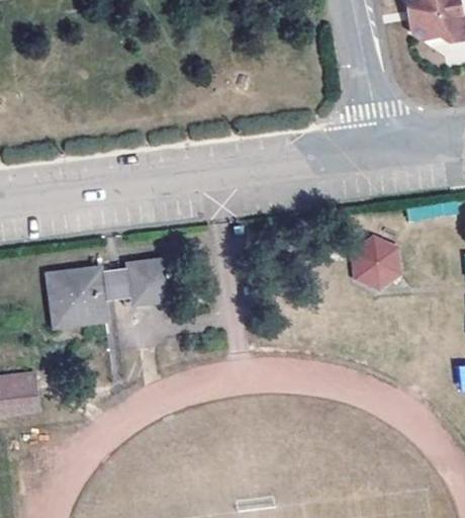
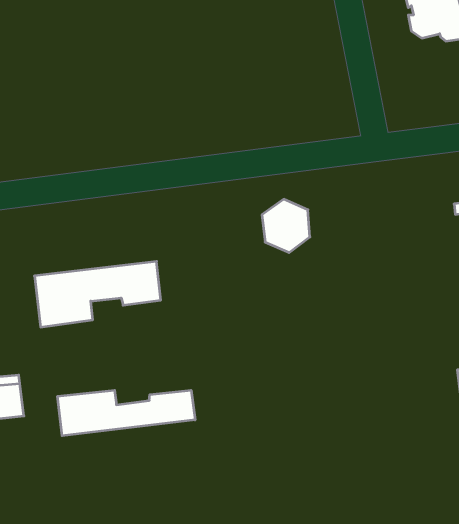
building: [352,237,398,288] -> [262,199,310,253]
building: none -> [58,390,195,436]

